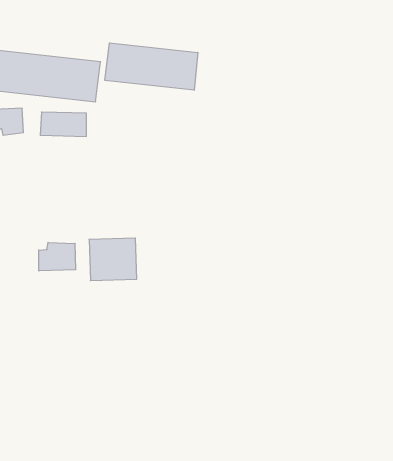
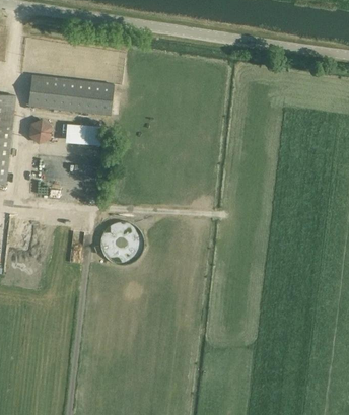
building: [105,43,198,90] -> none
building: [39,242,76,271] -> none

